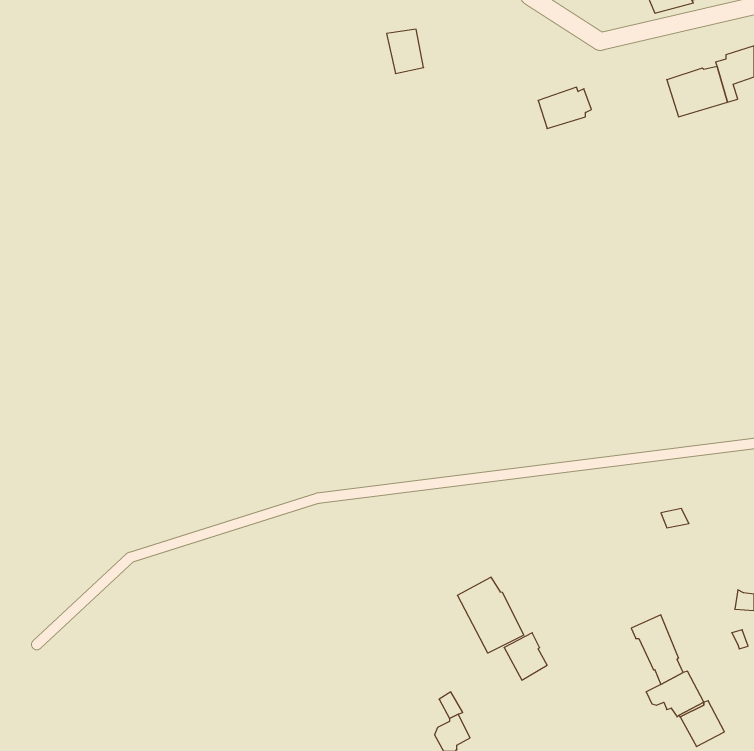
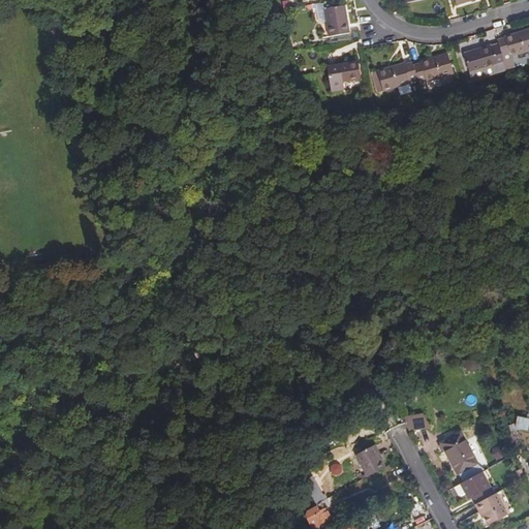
building: [387,29,424,74] -> [323,4,349,35]
building: none -> [408,51,455,81]
building: none -> [325,59,357,89]
building: [457,577,524,653] -> none

